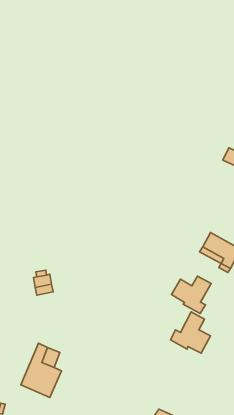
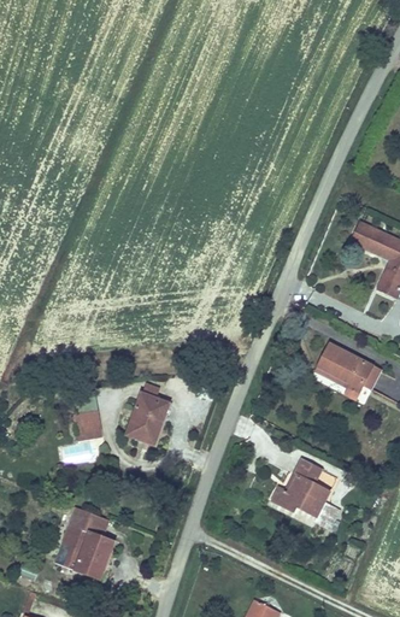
building: none -> [125,392,171,447]
building: [172,276,211,314] -> none

